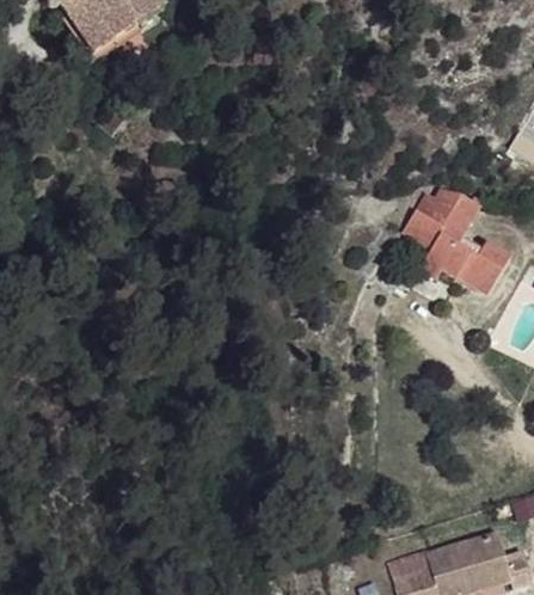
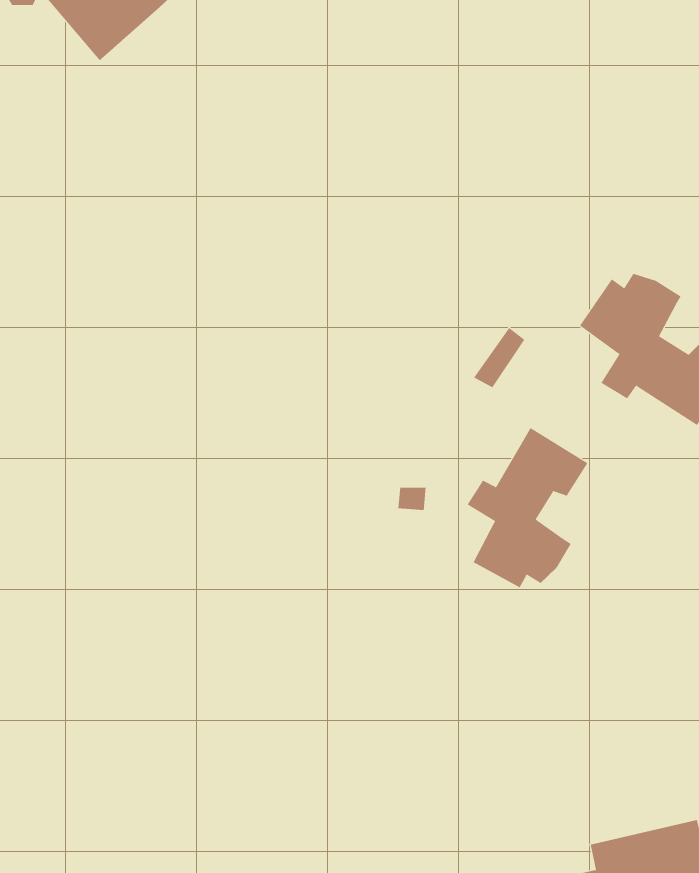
building: none -> [467,427,588,588]

